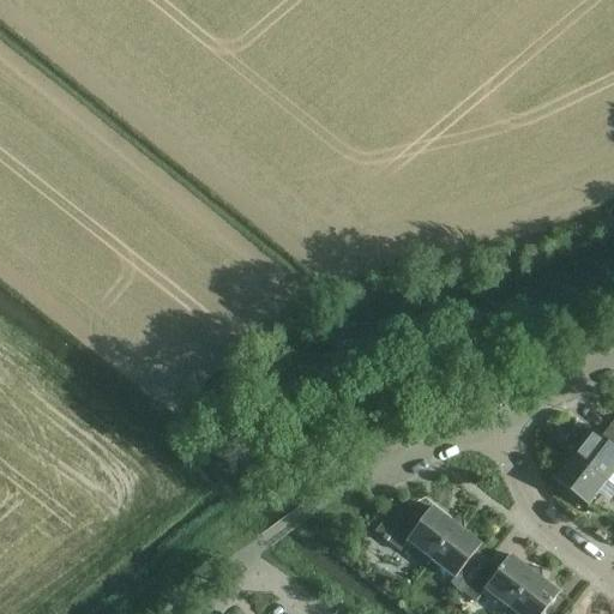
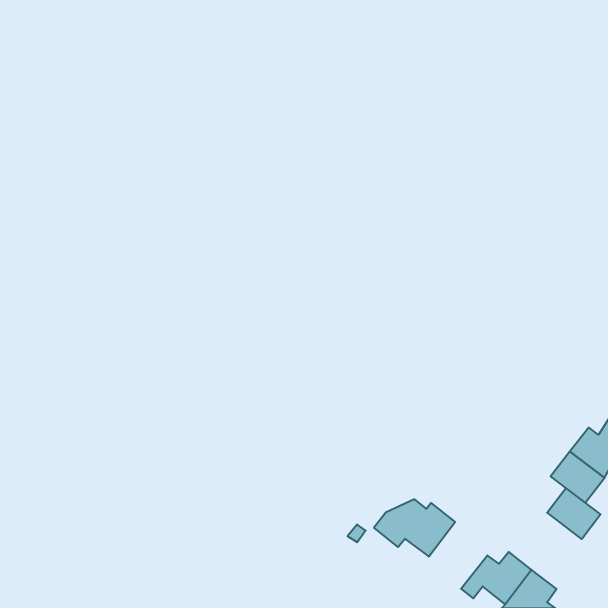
building: none -> [547,488,601,539]
building: [433,524,492,594] -> none

